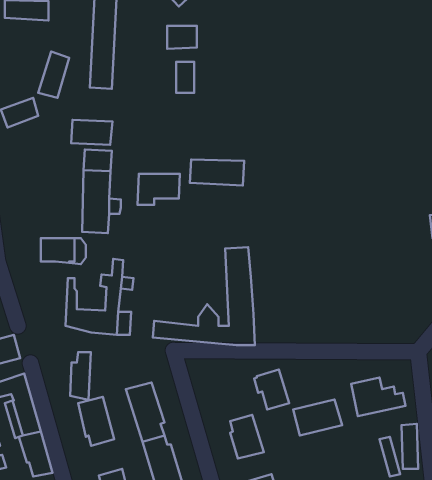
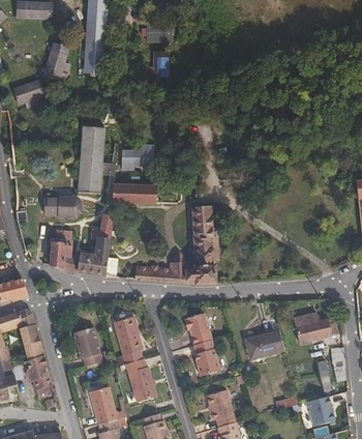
building: [71,120,112,145] -> none
building: [190,160,244,185] -> [112,184,155,205]
building: [70,352,91,400] -> [49,231,65,269]
building: [254,370,289,410] -> [185,314,213,346]

